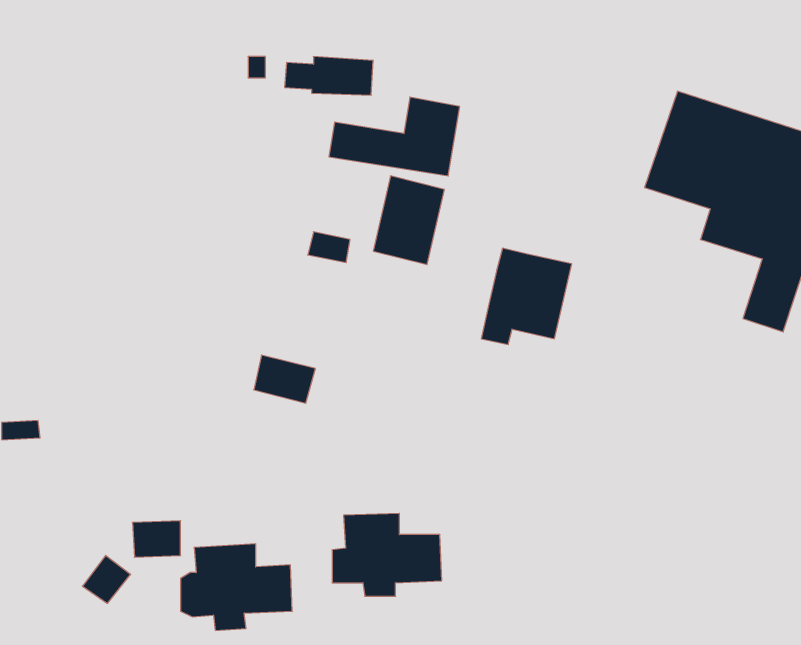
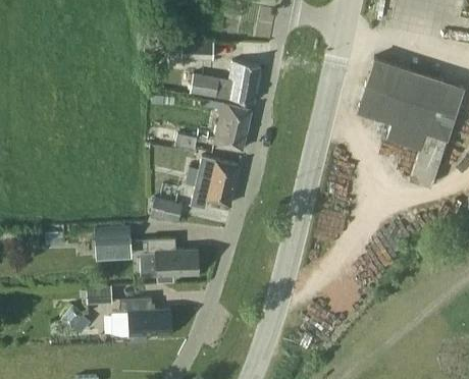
building: [481,248,572,345] -> [191,158,239,209]
building: none -> [94,226,131,249]
building: [332,513,442,596] -> [140,239,198,283]

